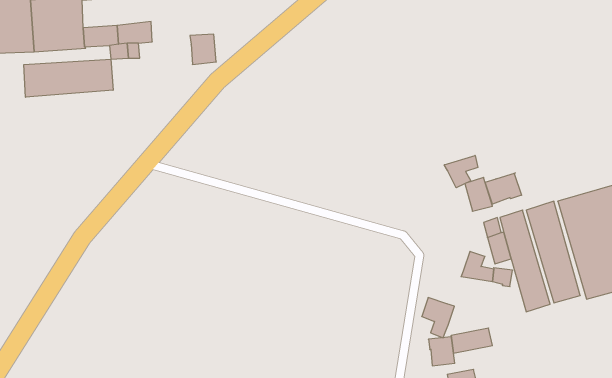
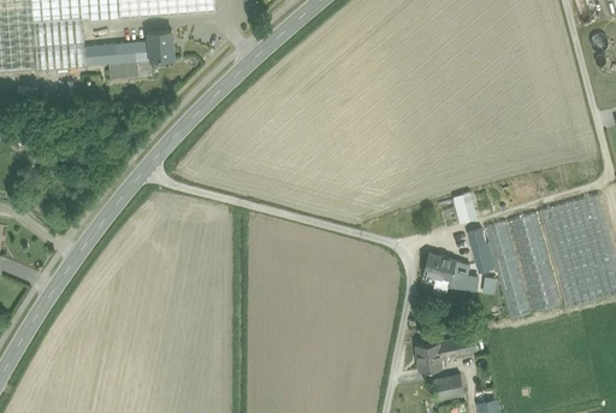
building: [190,34,216,64] -> [148,33,173,61]
building: [24,59,113,97] -> none
building: [444,155,478,188] -> none
building: [485,173,522,204] -> none
building: [422,298,454,338] -> [424,254,455,293]

